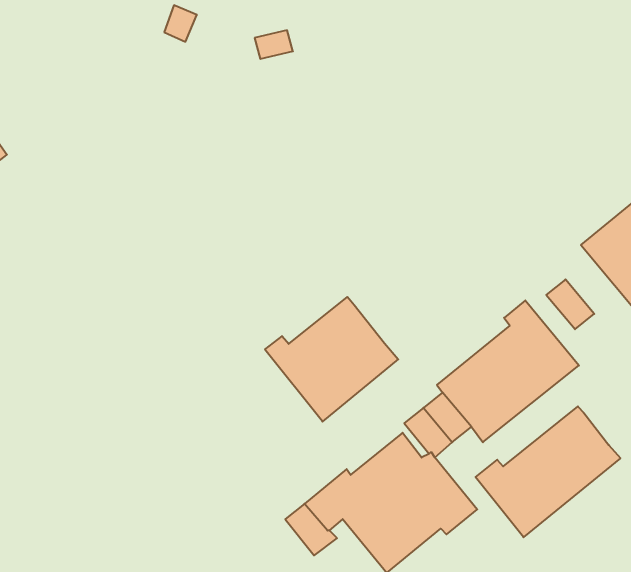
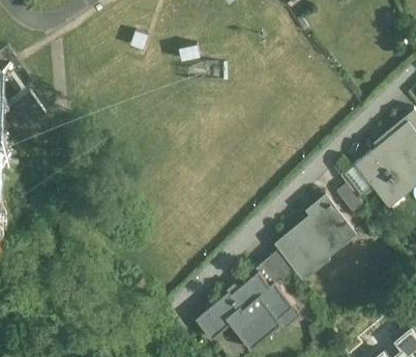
building: [265,297,398,422] -> none
building: [476,406,620,537] -> none

